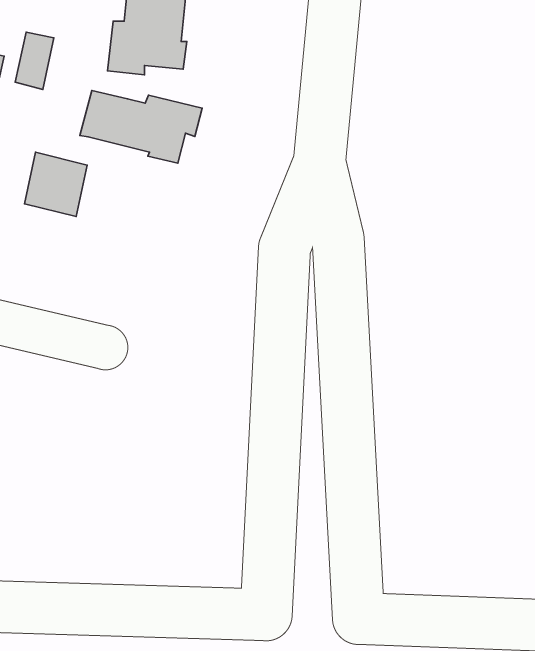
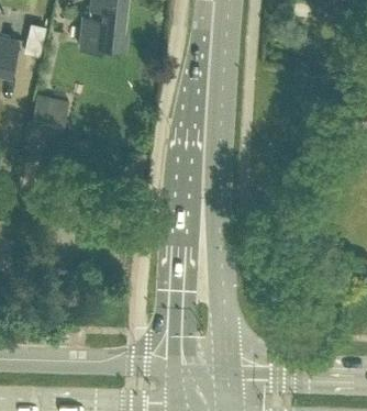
building: [80,90,202,163] -> none

